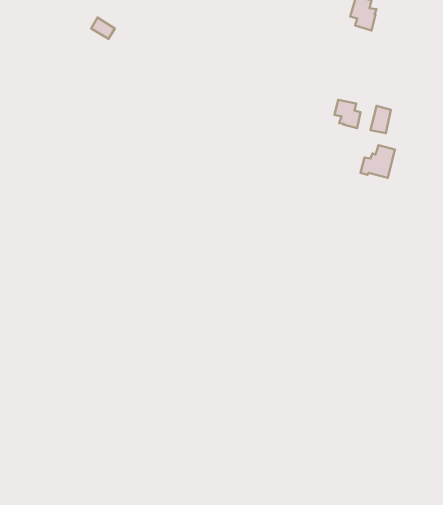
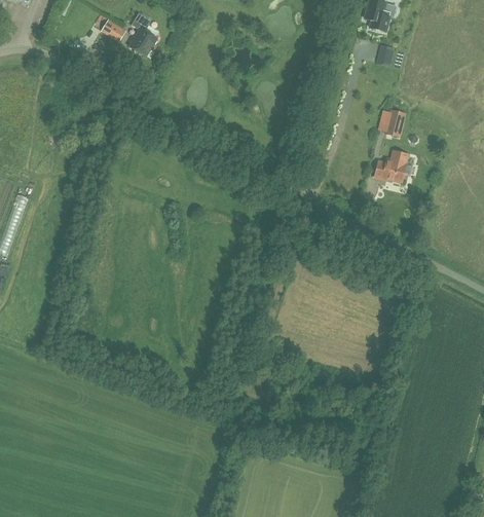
building: none -> [128,12,156,56]
building: [334,100,361,128] -> none

